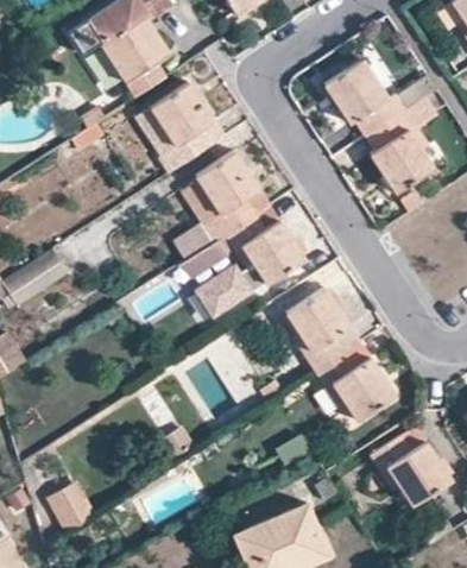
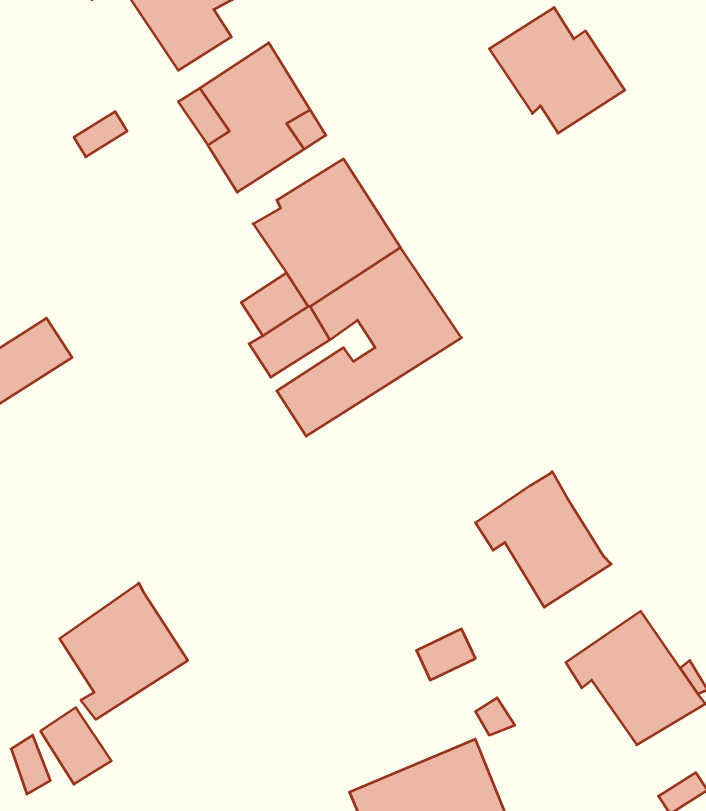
building: [364,96,436,194] -> none
building: [284,286,359,371] -> none
building: none -> [60,583,188,719]

